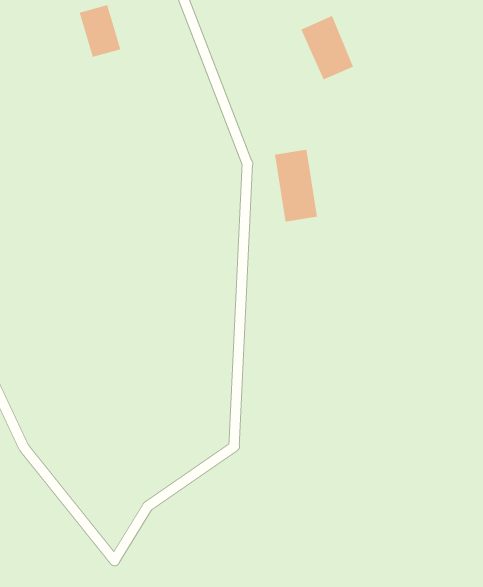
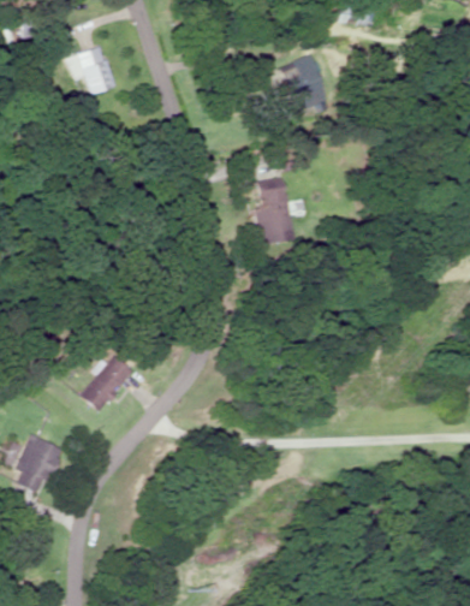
building: none -> [78,355,132,410]
building: none -> [16,436,61,495]

